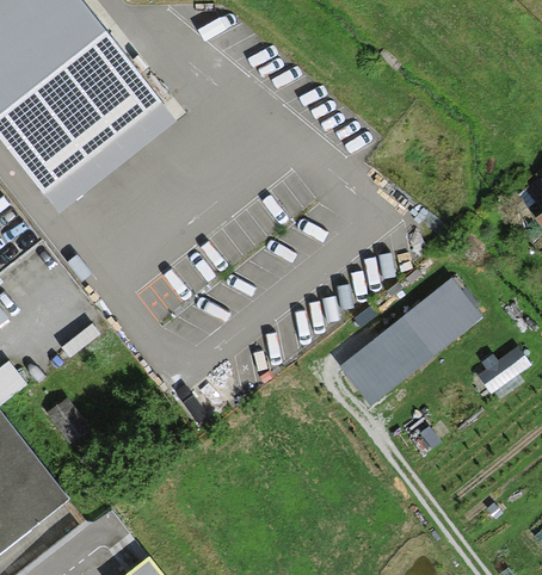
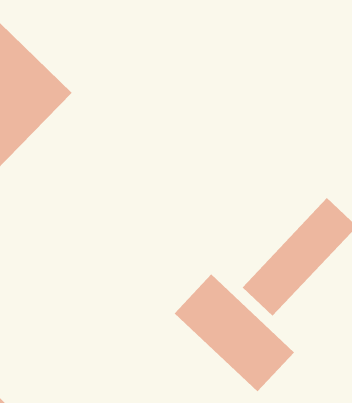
building: none -> [174,274,295,392]

